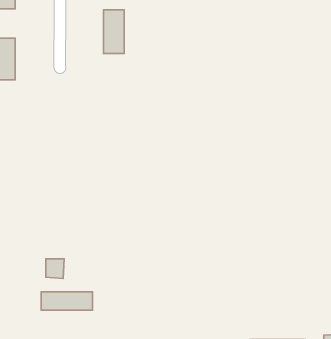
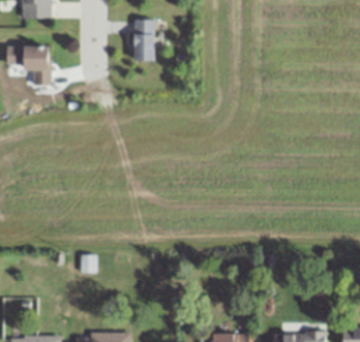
building: [41,292,92,310] -> none

